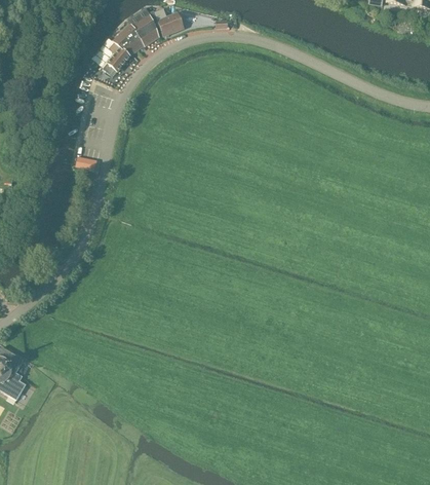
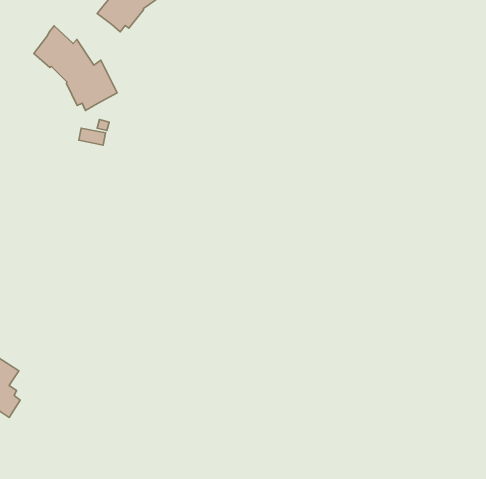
building: none -> [34,26,117,111]

